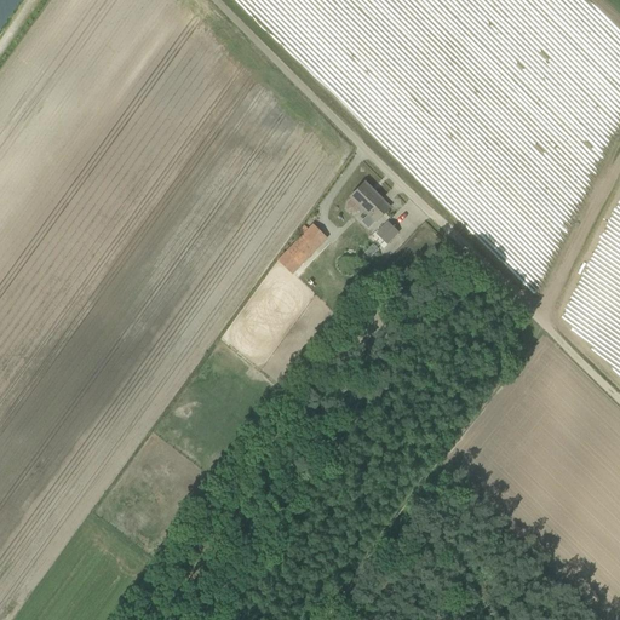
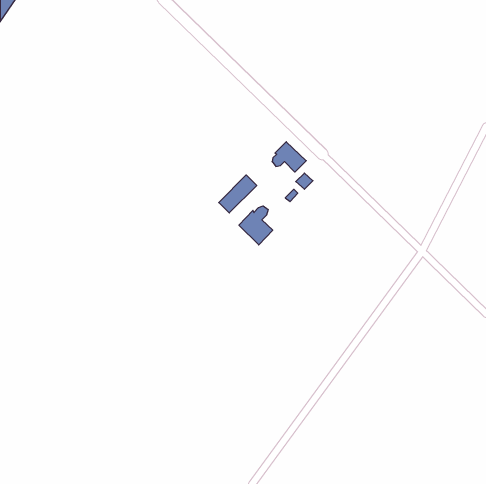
building: none -> [239,206,273,245]

